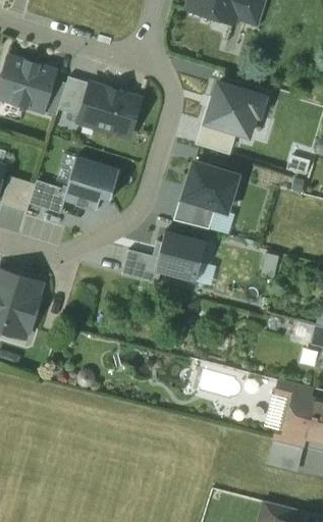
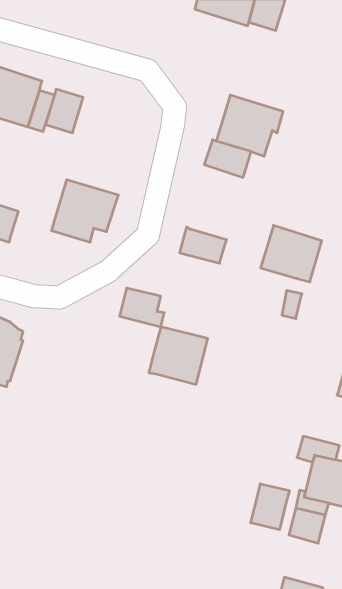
building: [80,86,140,136] -> none
building: [183,163,236,212] -> [261,225,322,282]
building: [29,181,66,213] -> none
building: [155,231,206,281] -> [149,327,208,384]
building: none -> [251,484,289,530]

